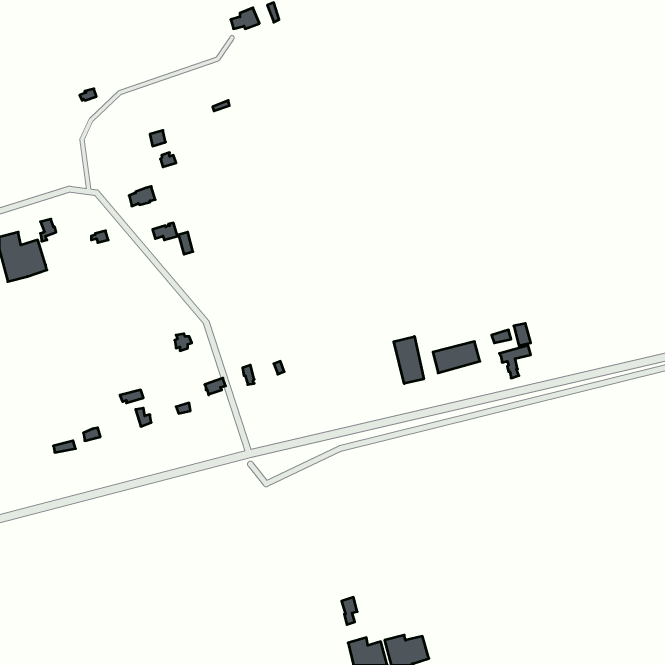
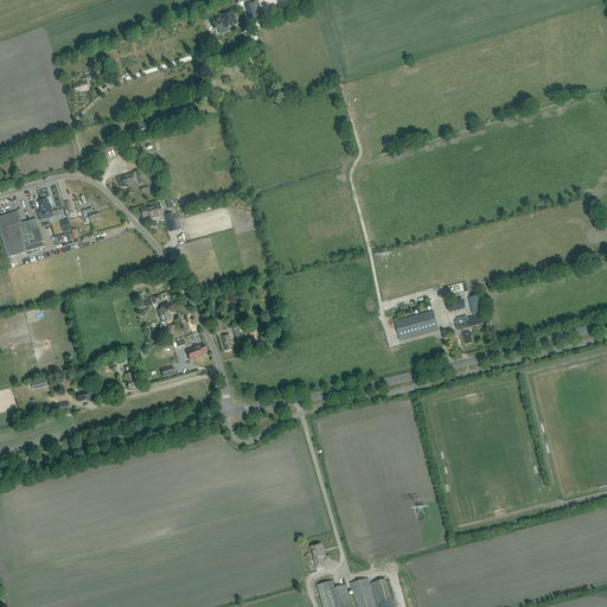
building: [394,336,424,384] -> none

